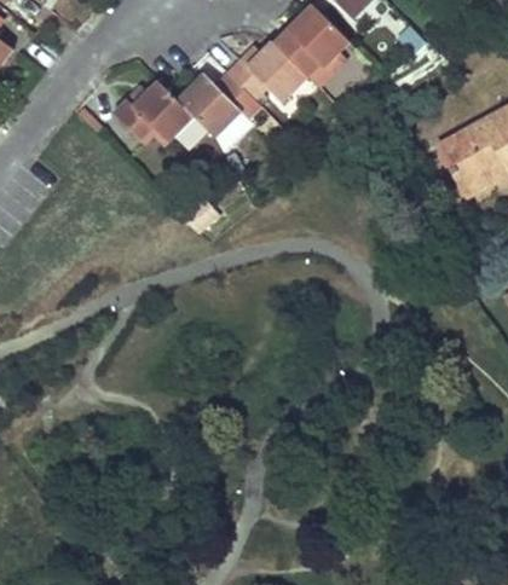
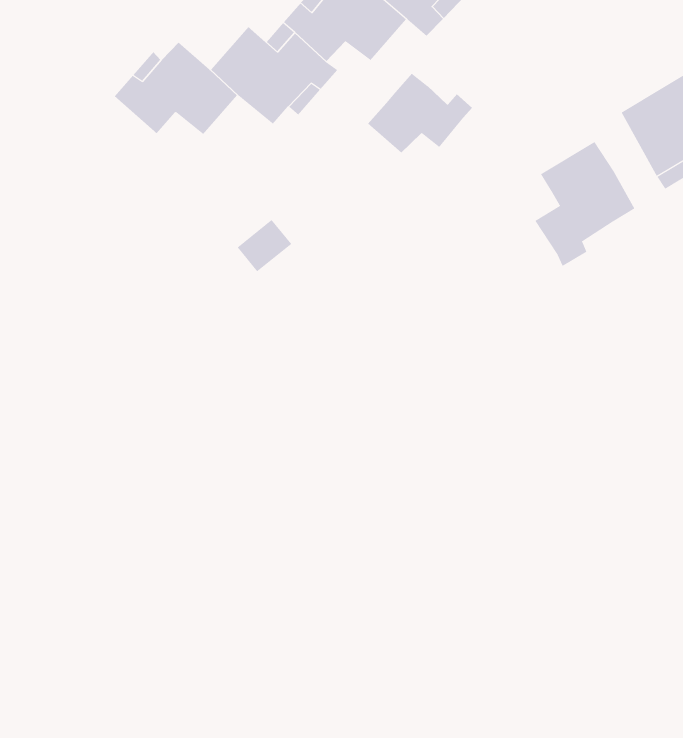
building: none -> [367,73,473,154]
building: none -> [535,141,635,267]

